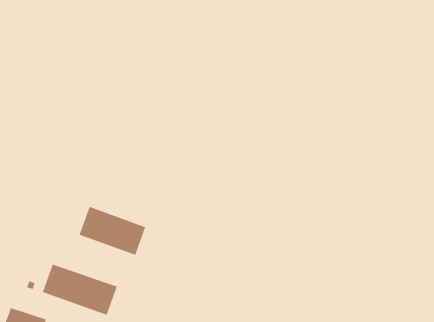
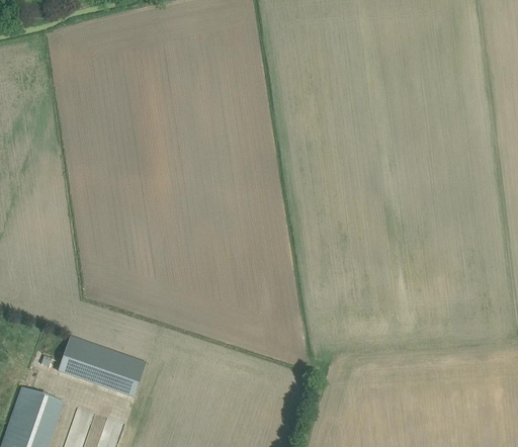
building: [78,206,146,256] -> none

